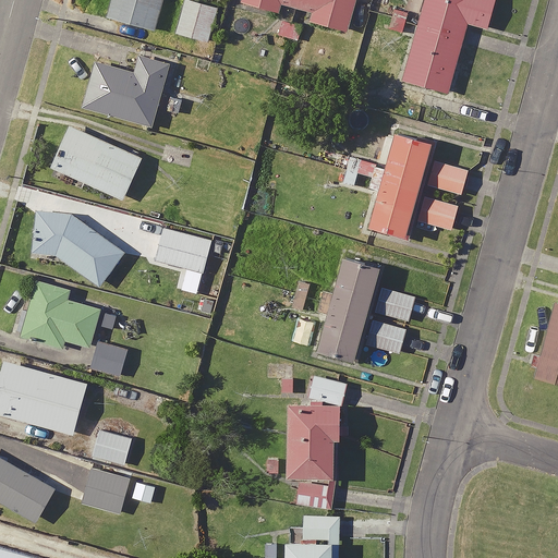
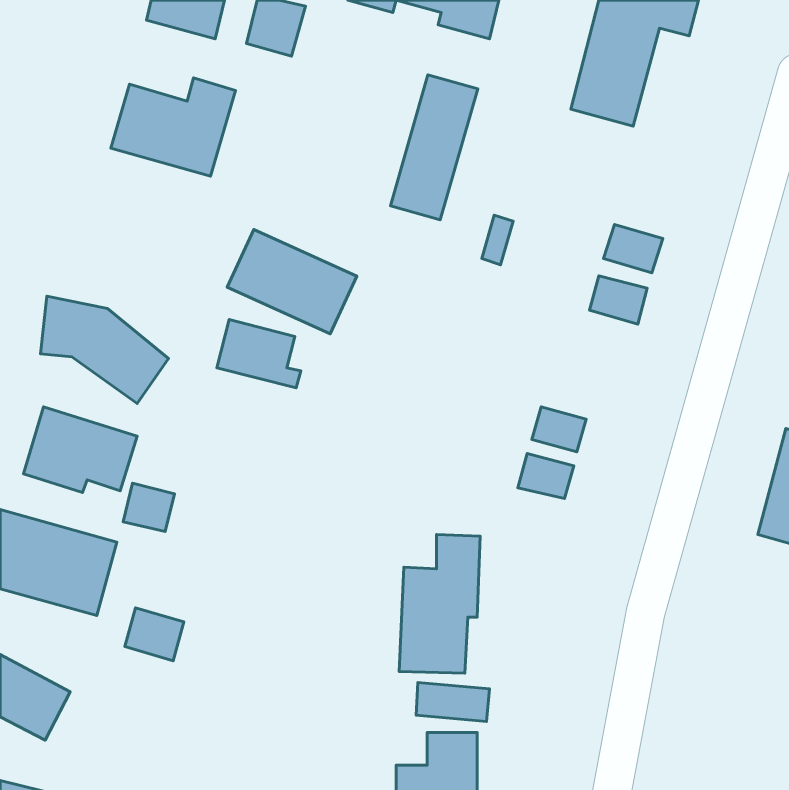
building: [51,126,142,199] -> [227,229,357,334]
building: [366,132,427,233] -> [390,75,478,220]
building: [316,256,375,357] -> none
building: [84,470,132,514] -> none

